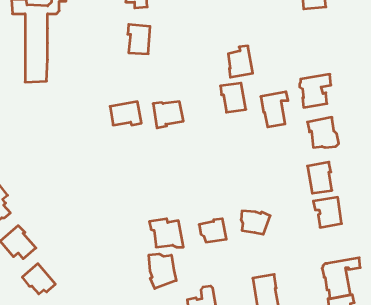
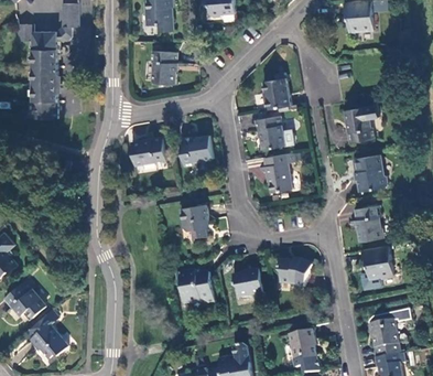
building: [261,92,288,127] -> [261,153,292,193]
building: none -> [177,205,205,239]
building: [149,254,176,289] -> none

